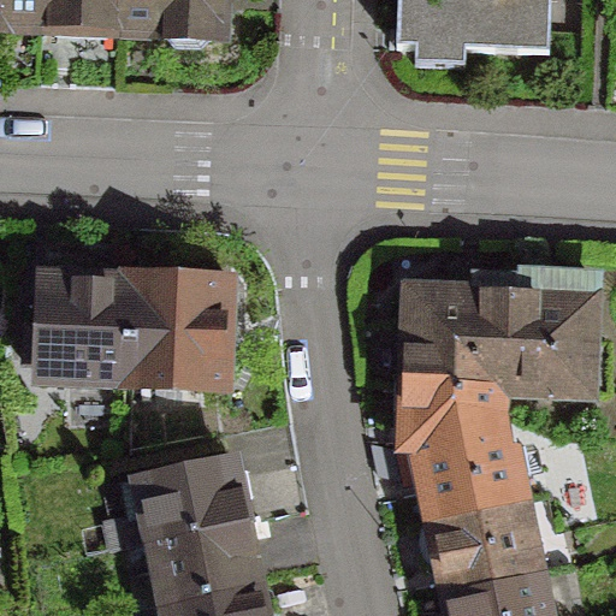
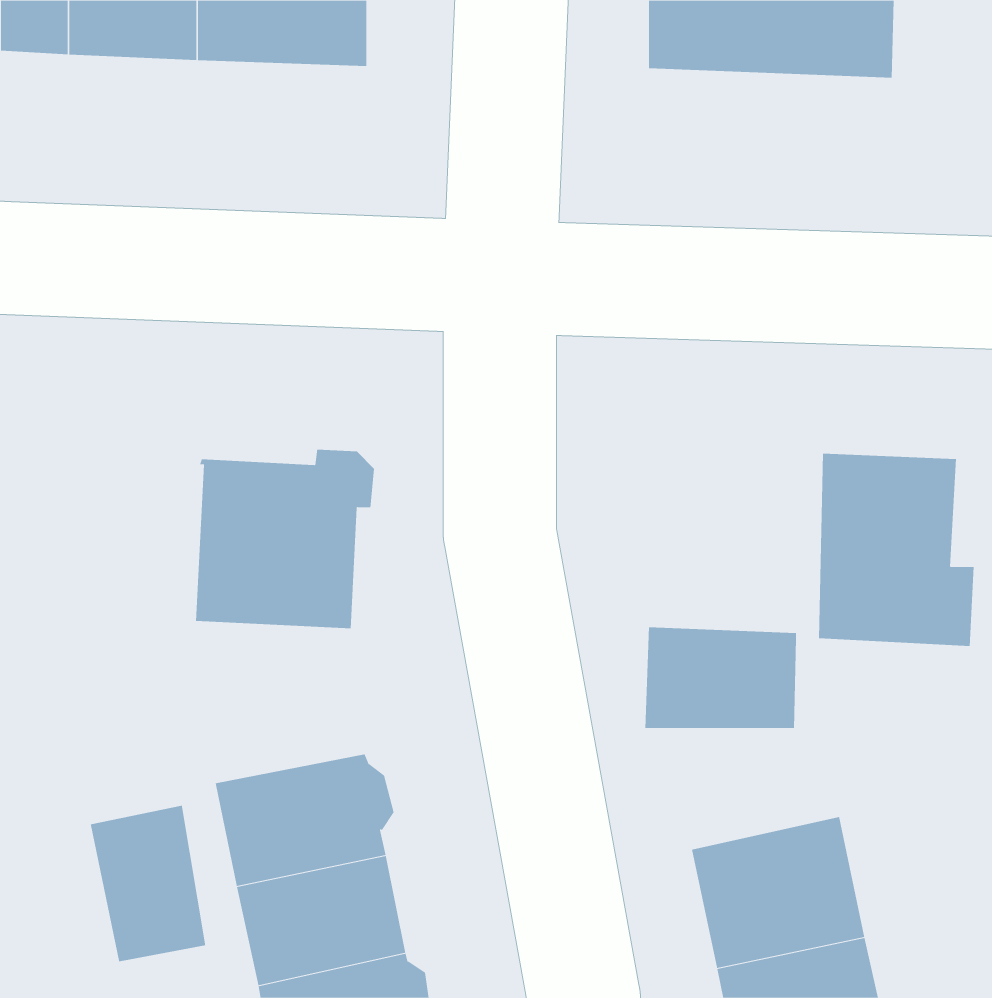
building: [23,273,129,383] -> none
building: [403,278,510,393] -> none
building: [396,449,521,523] -> none
building: none -> [90,805,206,962]

